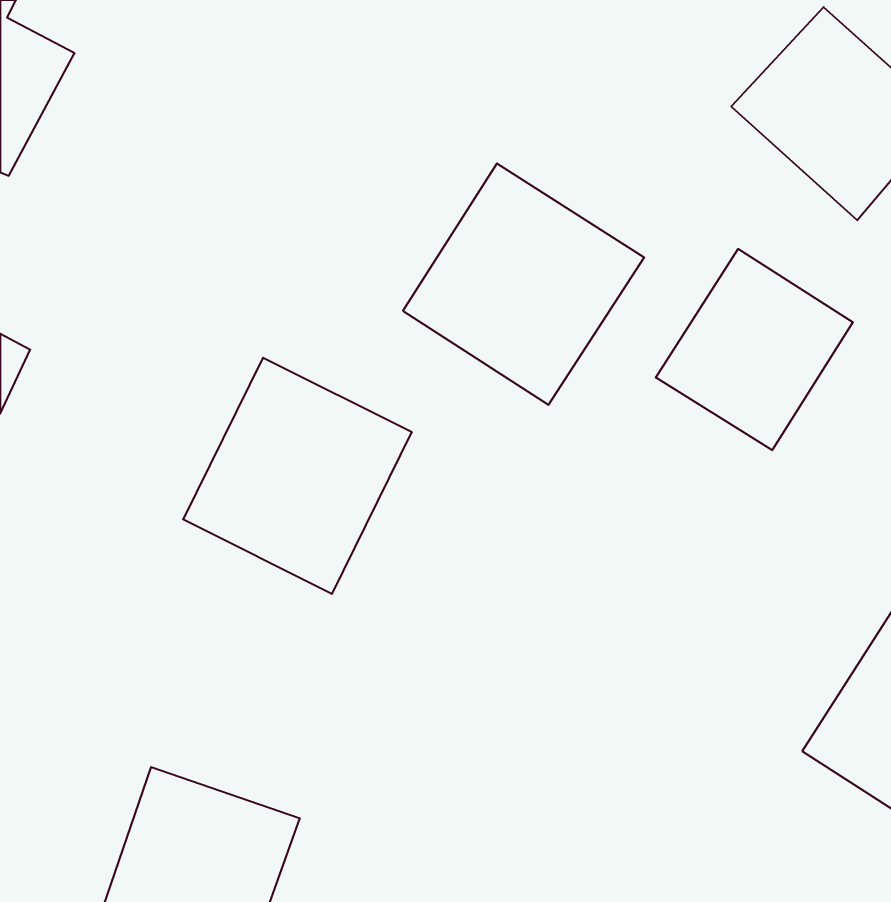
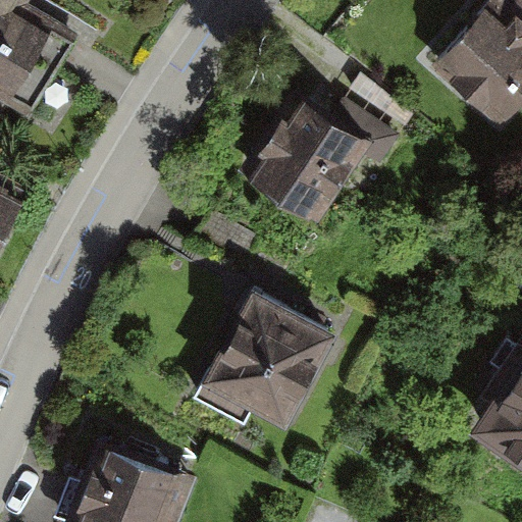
building: [656,249,853,450] -> none
building: [183,358,412,594] -> [203,293,334,428]

